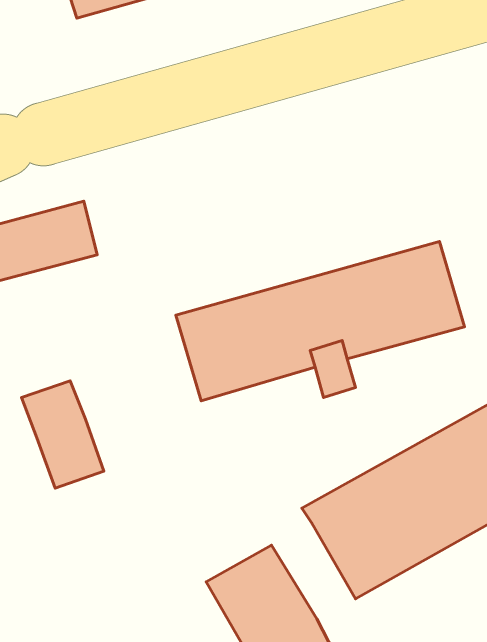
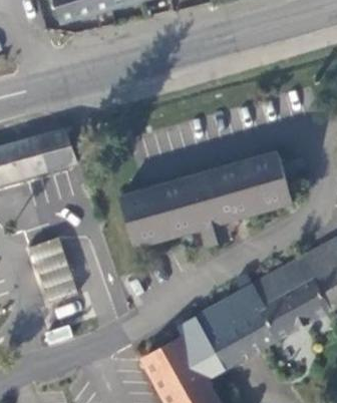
building: none -> [179,322,229,379]

